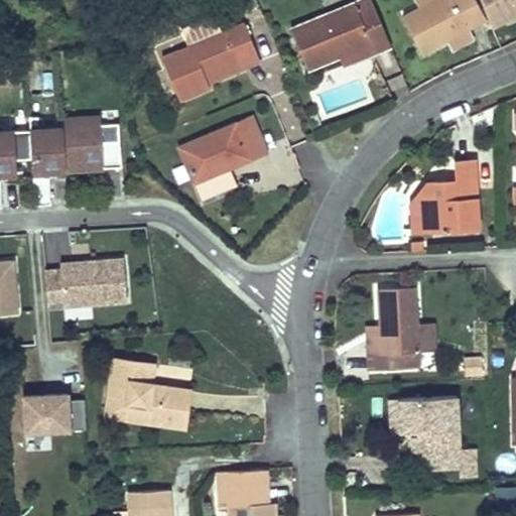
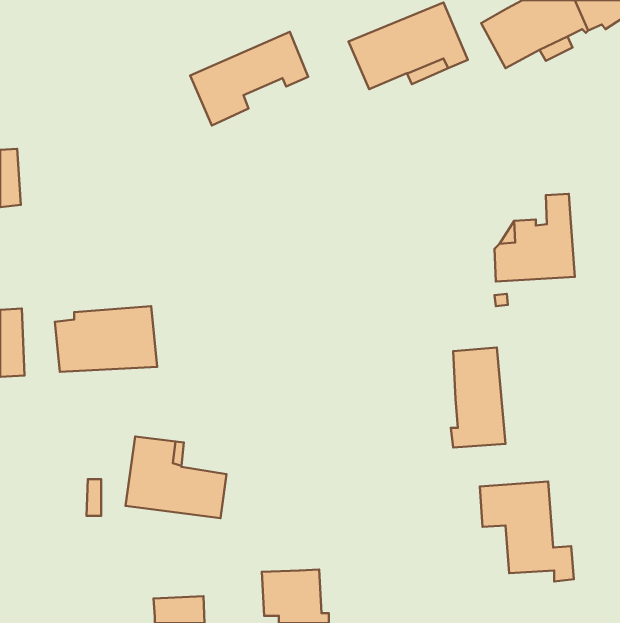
building: [33,112,106,170] -> none
building: [177,121,264,203] -> none
building: [22,386,72,429] -> none

